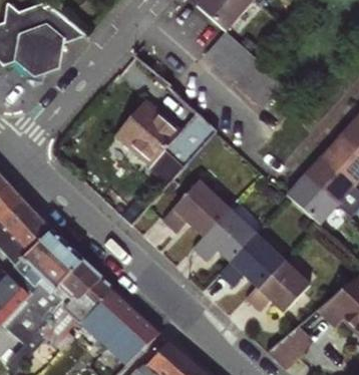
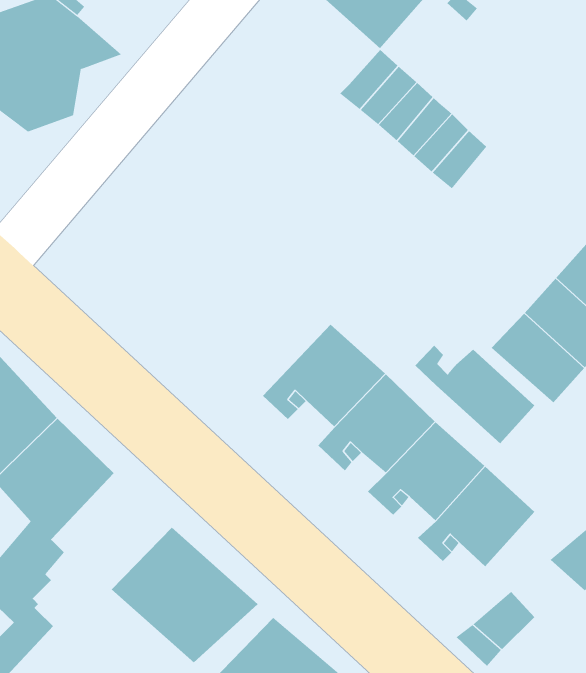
building: [114,99,218,183] -> none
building: none -> [414,345,535,444]
building: [38,262,113,355] -> none

